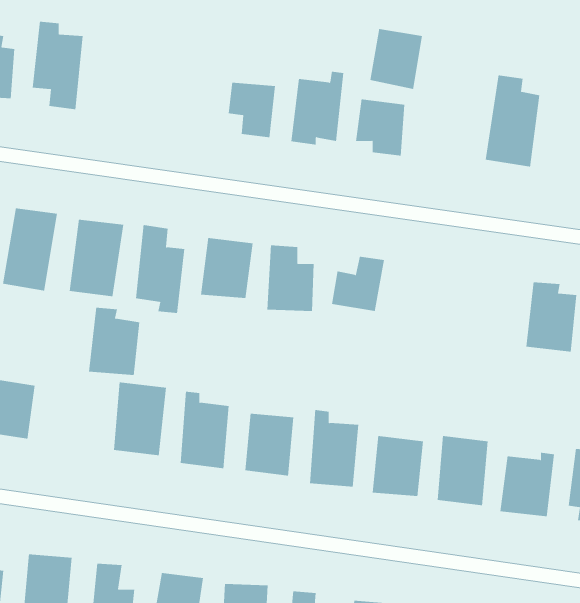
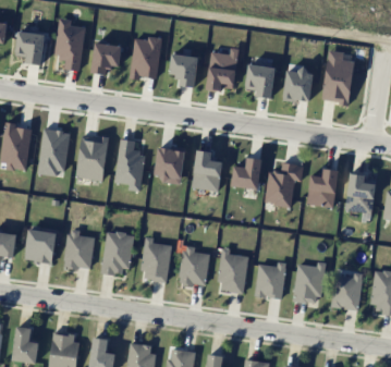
building: [369,28,423,89] -> [282,68,314,103]
building: none -> [131,37,161,79]
building: none -> [91,44,121,74]
building: none -> [265,162,304,207]
building: none -> [308,169,337,207]
building: [88,307,140,376] -> [63,229,94,269]

